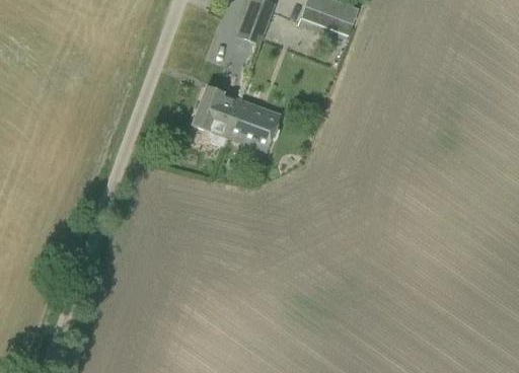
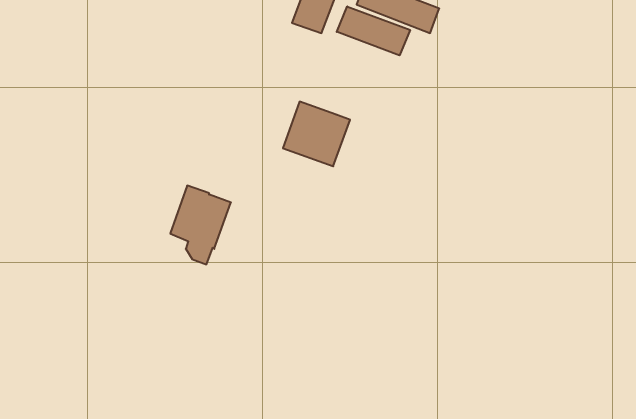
building: none -> [337,6,410,55]
building: [195,84,242,146] -> [170,186,231,264]

